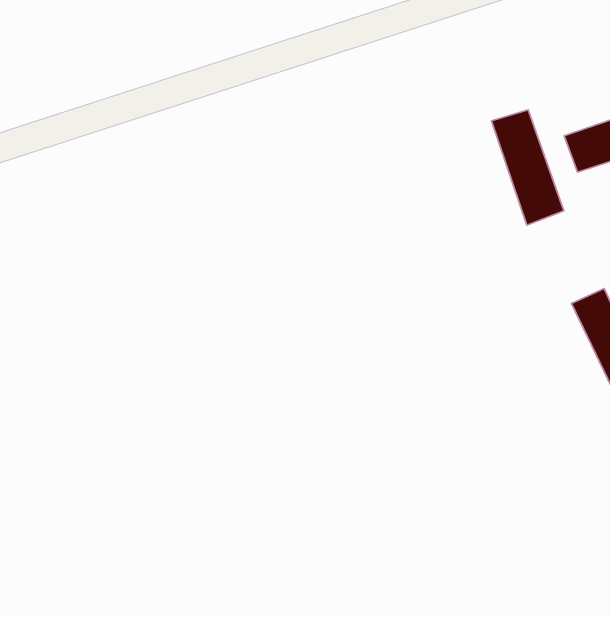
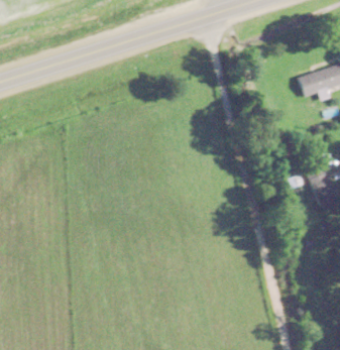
building: [491,110,564,225] -> none

